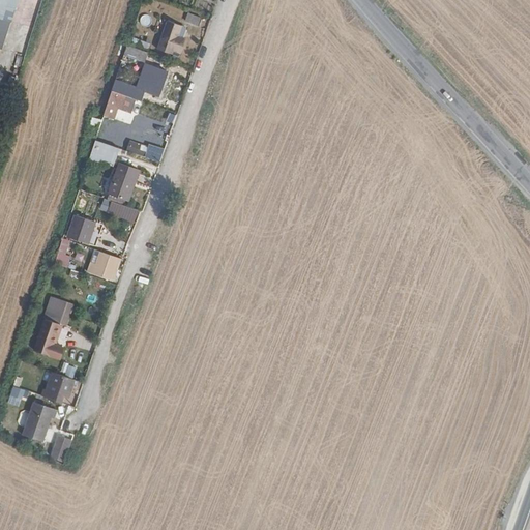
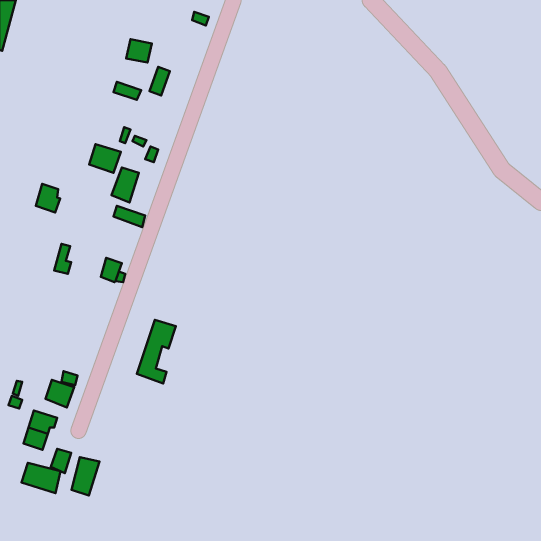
building: [156,19,185,55] -> none
building: [102,91,134,118] -> none
building: [68,215,92,243] -> [36,184,60,212]
building: [34,297,72,359] -> [137,320,176,383]
building: none -> [71,457,99,496]
building: none -> [22,463,61,493]

